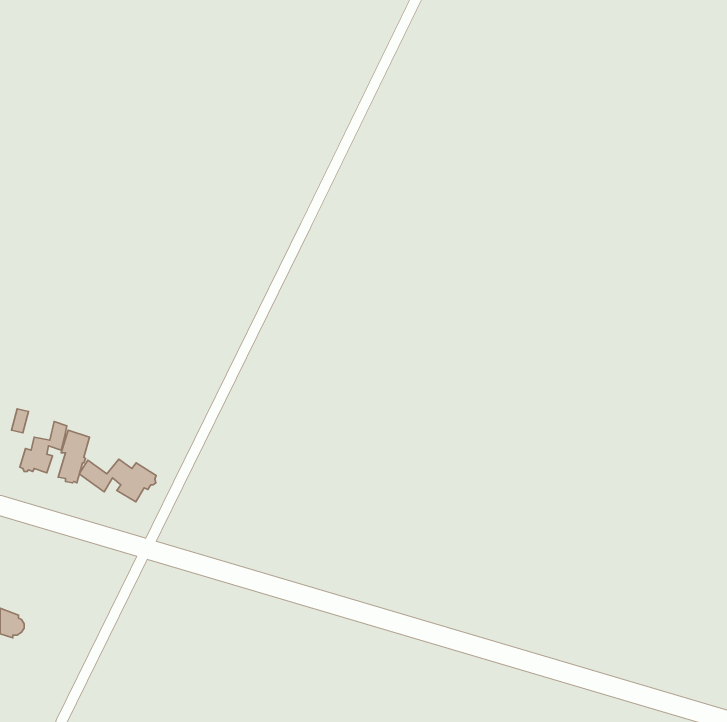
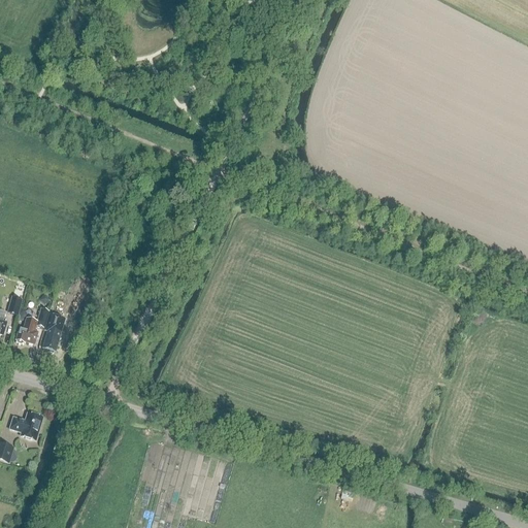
building: [79,459,156,502] -> none
building: none -> [9,411,42,438]

